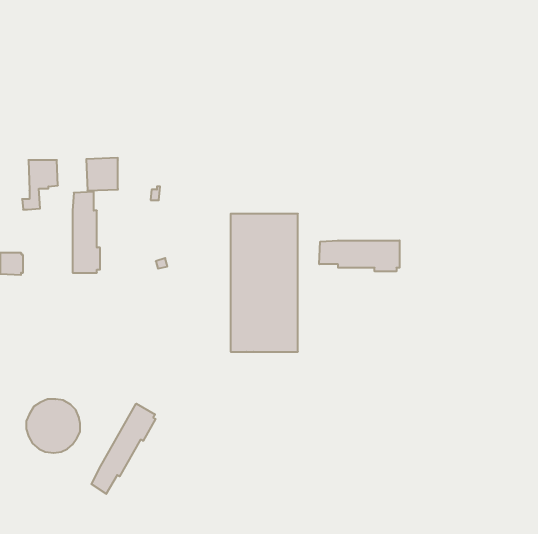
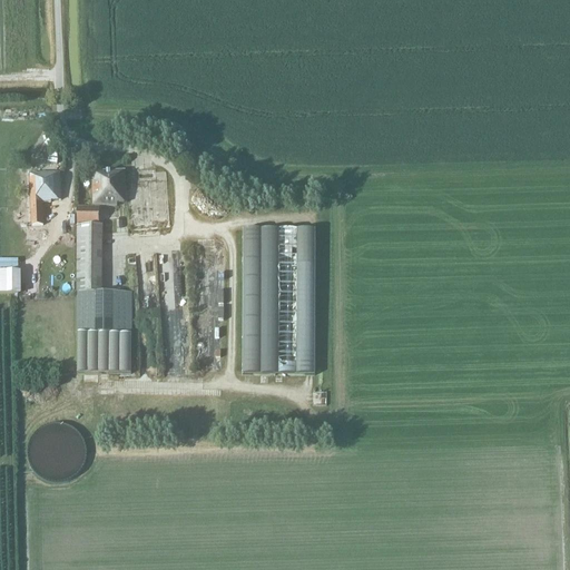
building: [319,240,400,271] -> none
building: none -> [76,288,132,370]
building: [91,404,156,494] -> none

